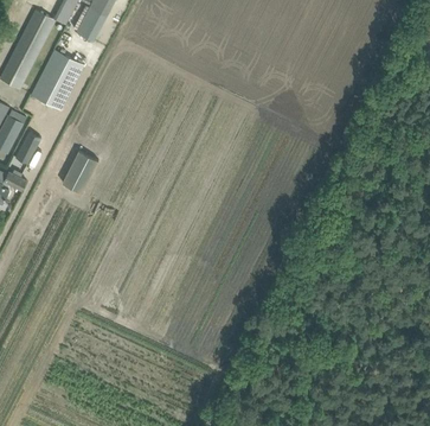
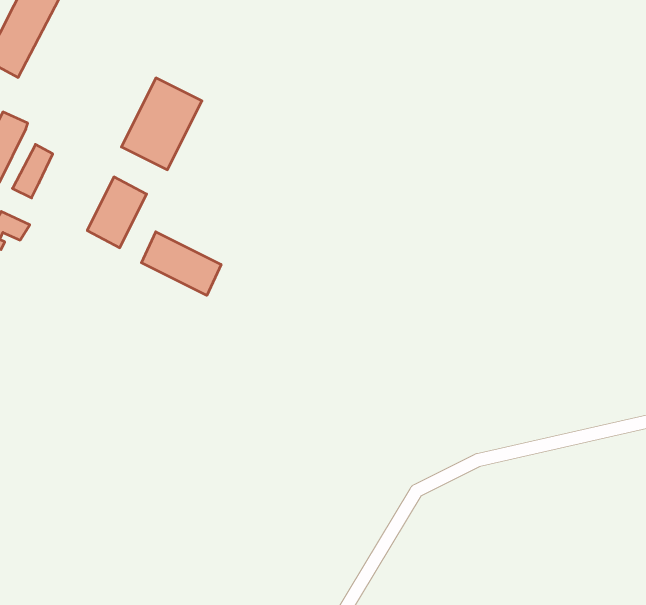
building: [32,51,82,108] -> [121,78,202,170]
building: none -> [141,232,221,295]

